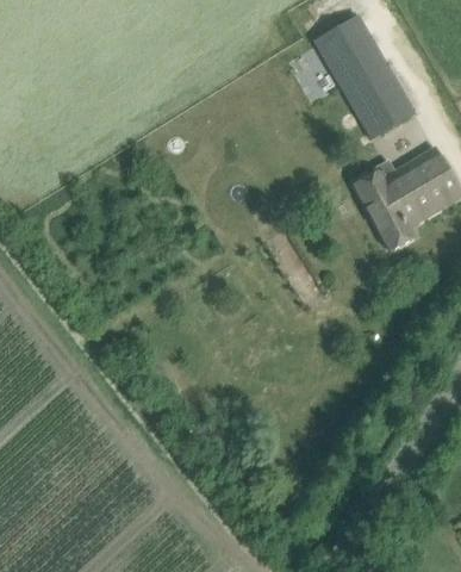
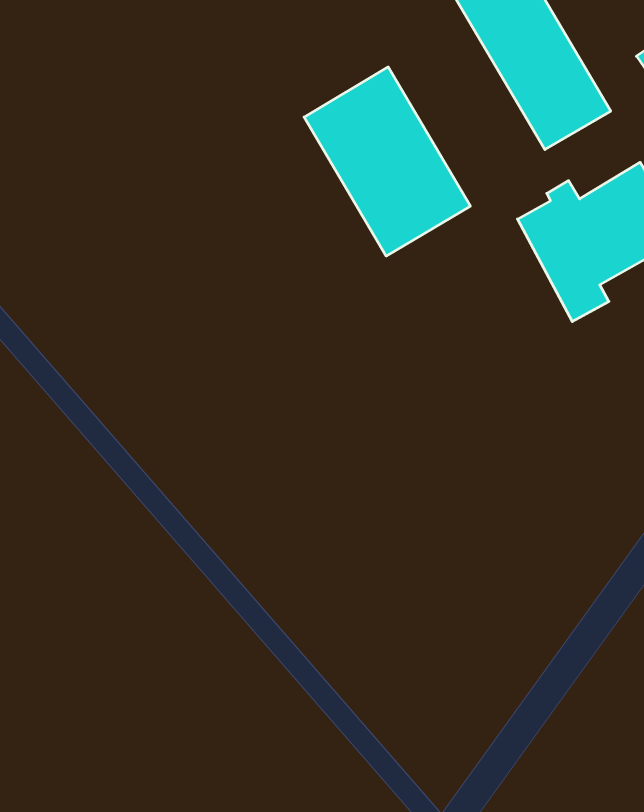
building: none -> [304,67,470,256]

